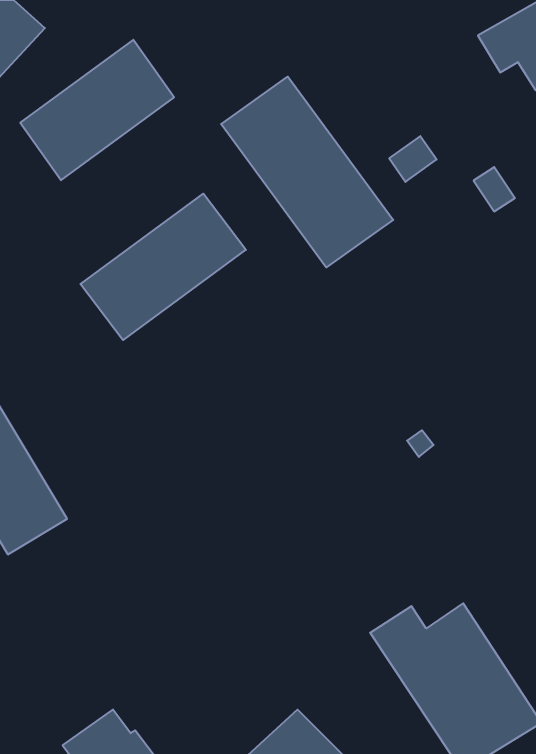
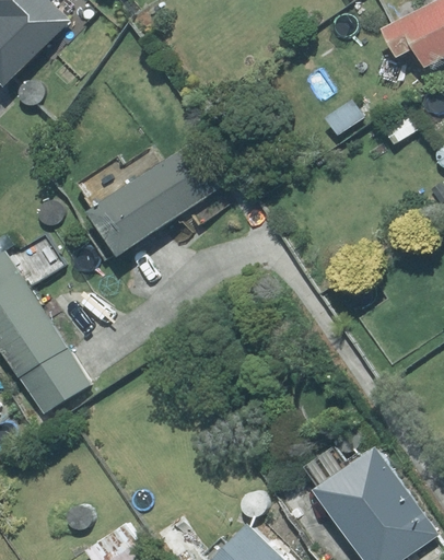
building: [20,40,174,180] -> none
building: [221,77,393,267] -> none

